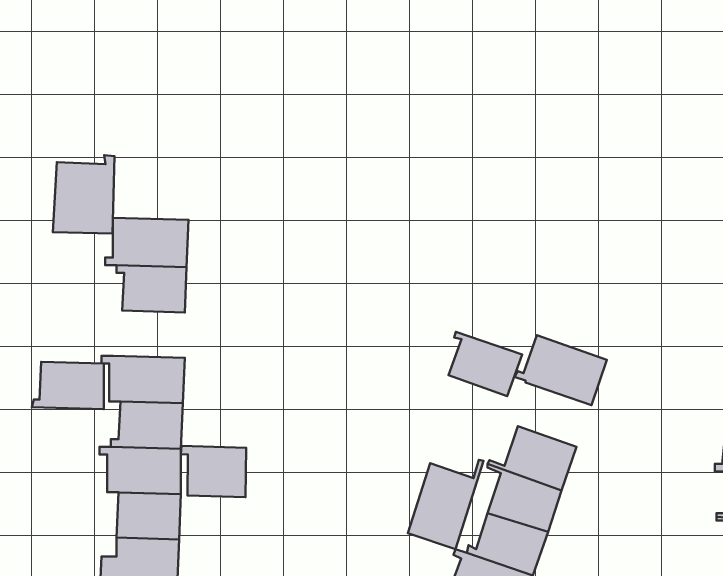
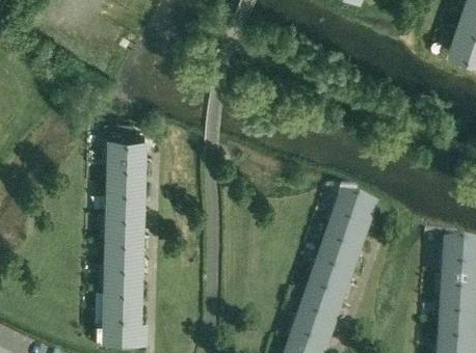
building: [53,155,114,233] -> none
building: [448,332,522,396] -> [327,216,368,251]
building: [32,362,104,409] -> [105,177,144,202]
building: [181,446,246,497] -> none
building: [408,460,483,549] -> none

